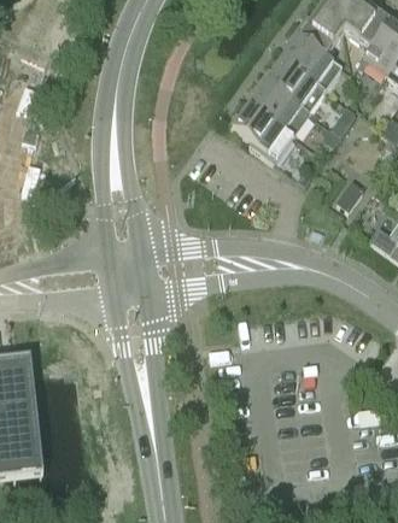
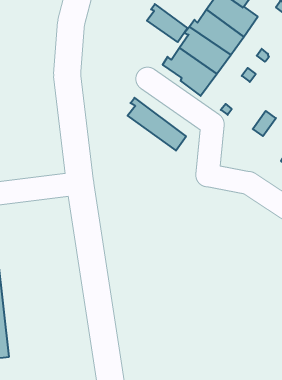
building: none -> [147,4,188,42]
building: none -> [128,98,186,151]

